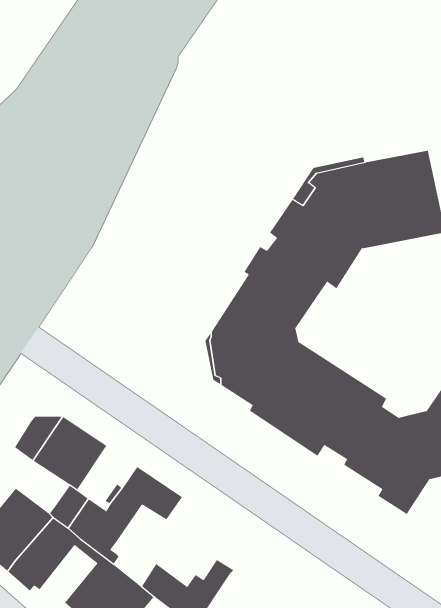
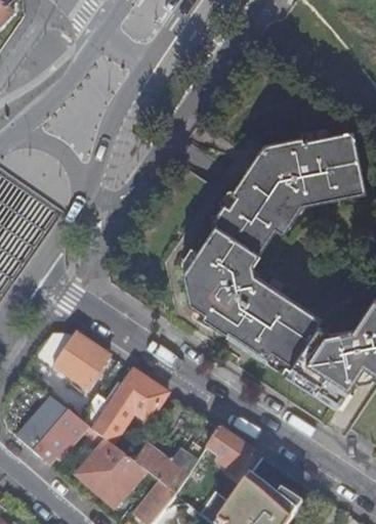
building: none -> [204,429,253,474]

